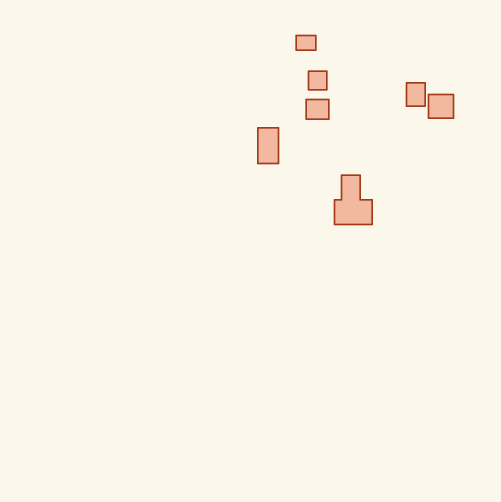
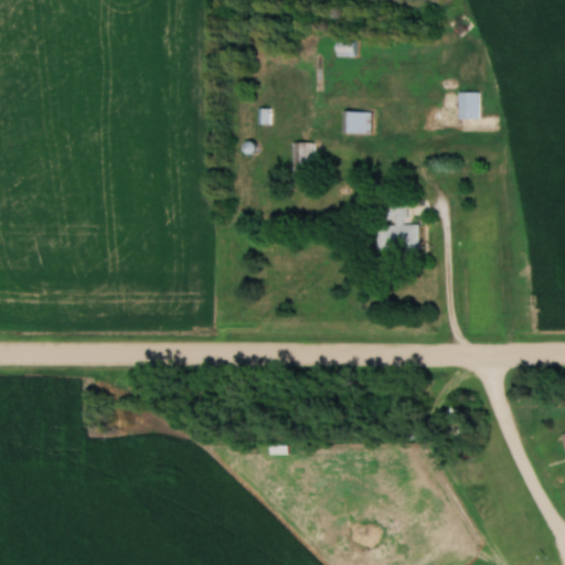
building: [308,71,327,90] -> none
building: [428,94,454,118] -> none

